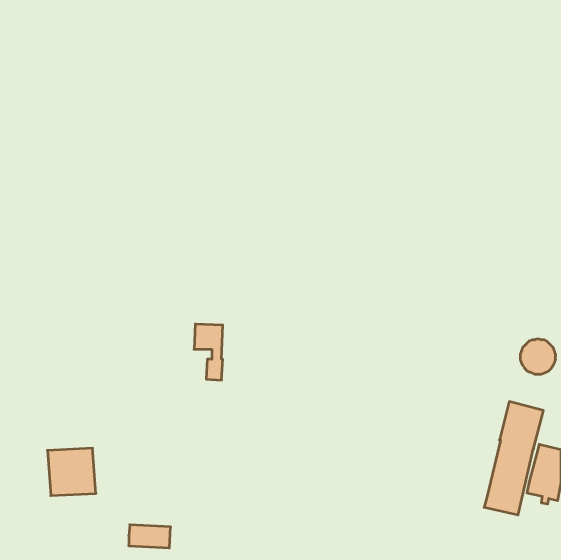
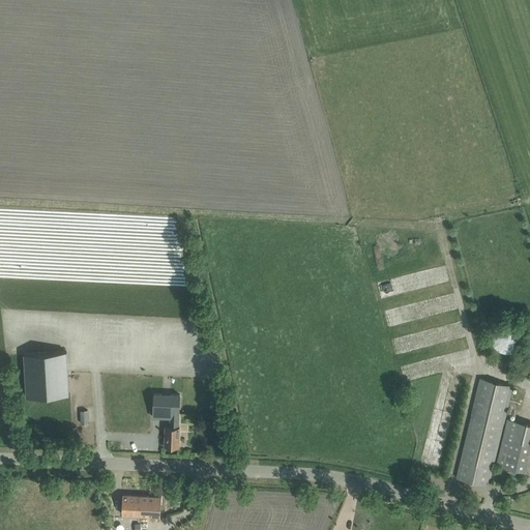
building: [194,324,223,380] -> [152,395,179,448]
building: [47,448,96,496] -> [23,353,68,398]

